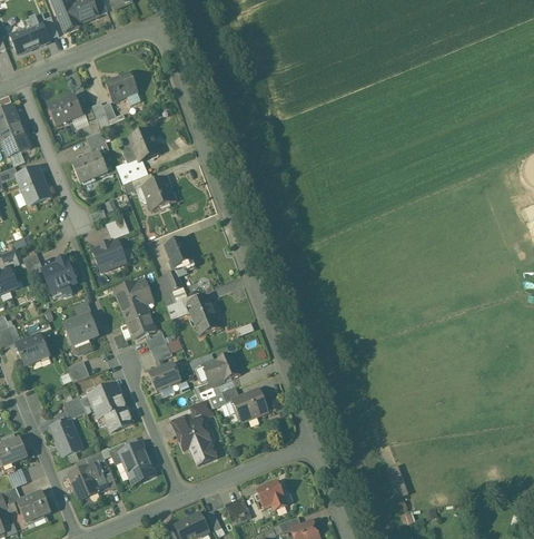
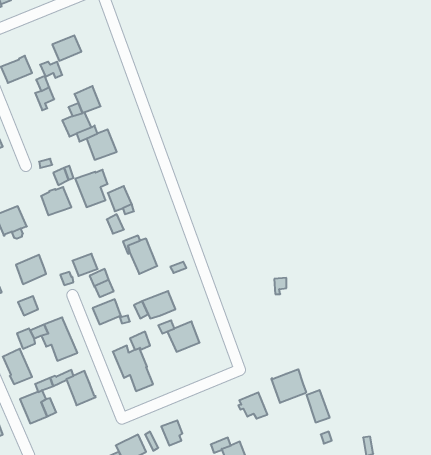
building: [72,153,108,184] -> none
building: [115,280,150,321] -> [75,170,108,207]
building: none -> [271,369,306,403]
building: [255,481,287,510] -> [238,392,267,419]

